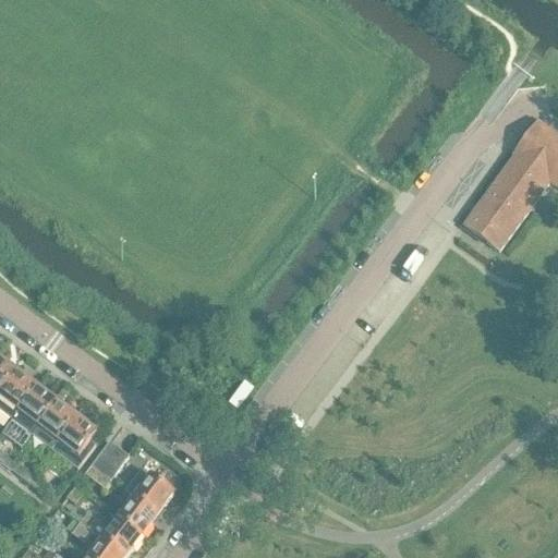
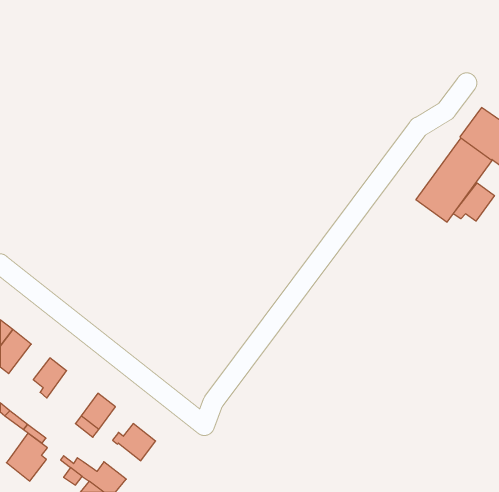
building: none -> [453,183,494,221]
building: [11,384,57,432] -> none
building: [51,413,97,466] -> [6,433,47,481]
building: [117,494,158,534] -> none

